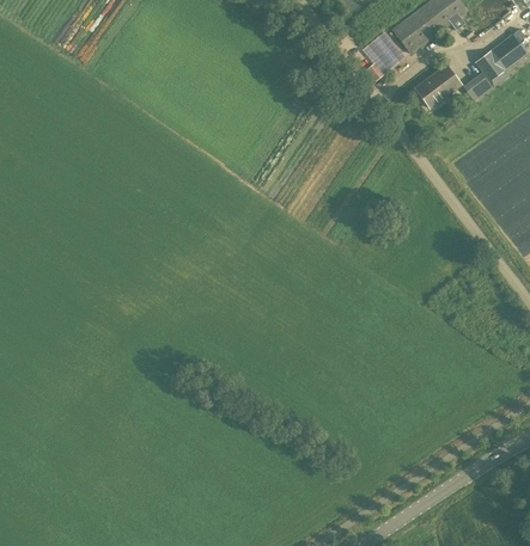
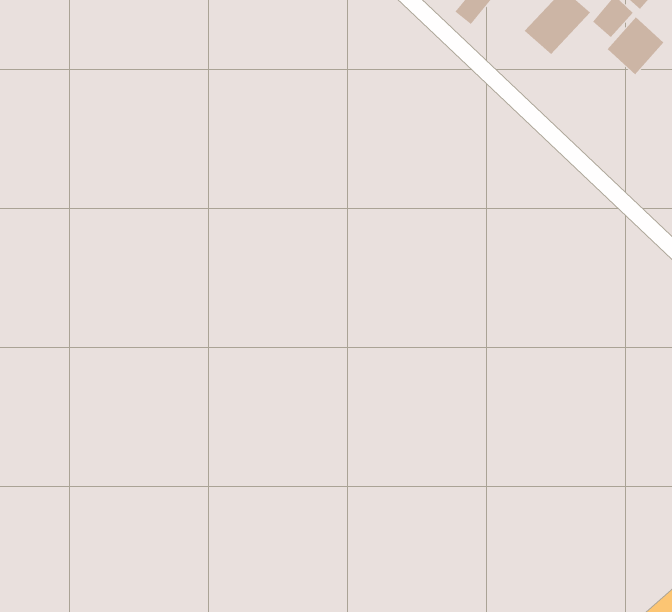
building: none -> [607,16,664,75]

